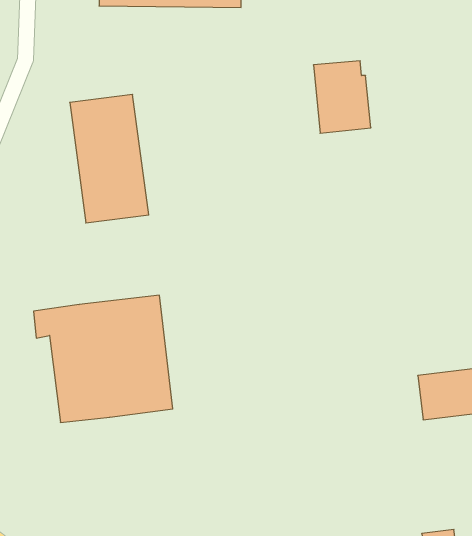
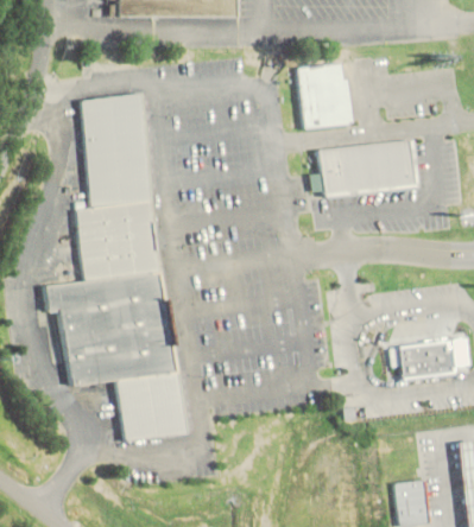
building: none -> [316,140,411,195]
building: none -> [80,201,160,280]
building: none -> [116,373,181,440]

